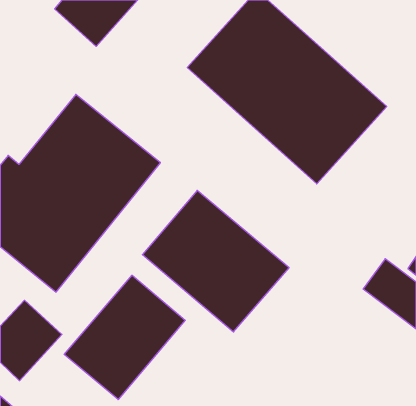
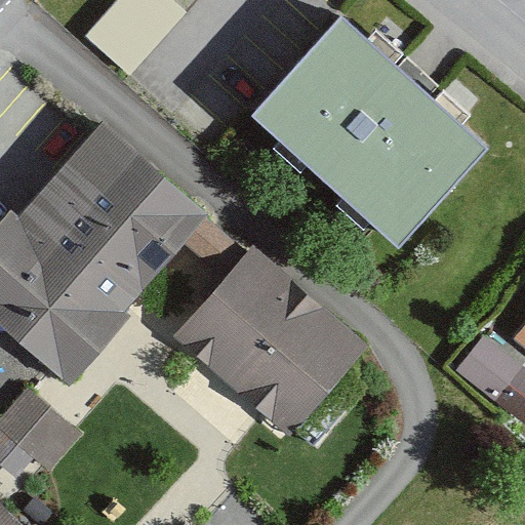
building: [64,275,185,400] -> none

